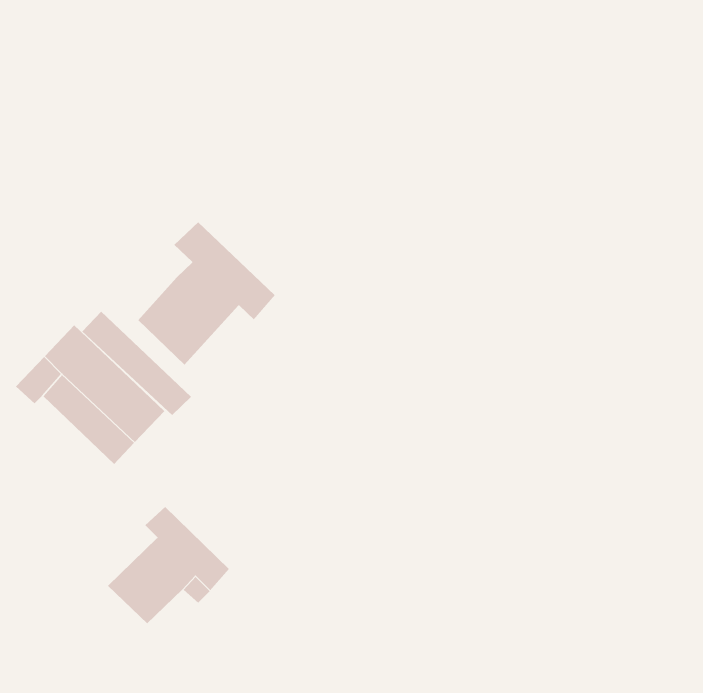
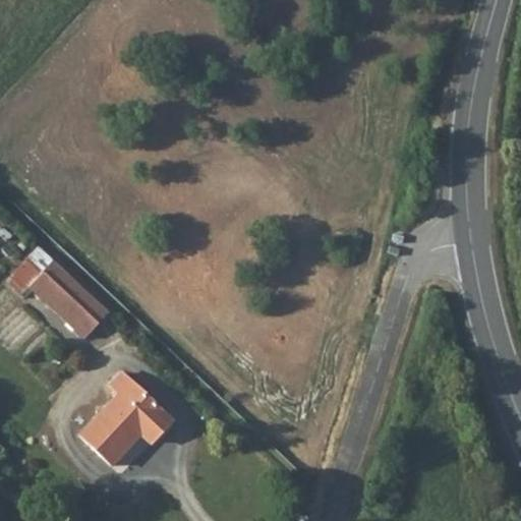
building: [138,221,276,366] -> none
building: [82,311,192,416] -> none

